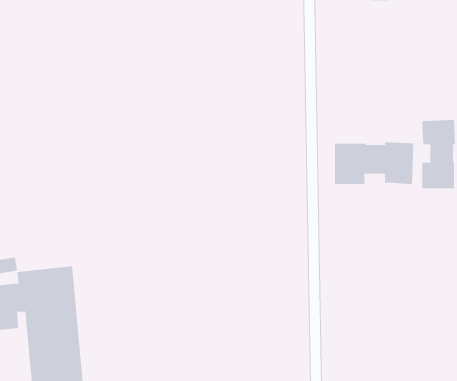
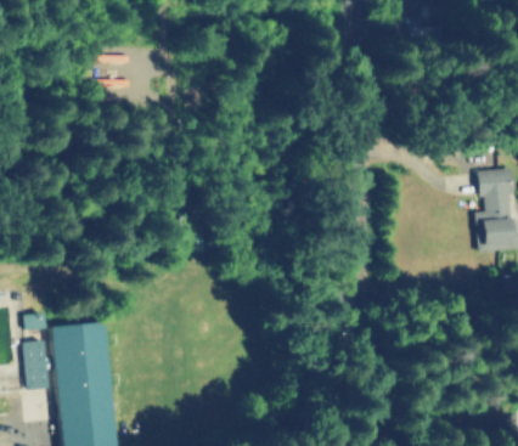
building: [334,141,414,185] -> none

